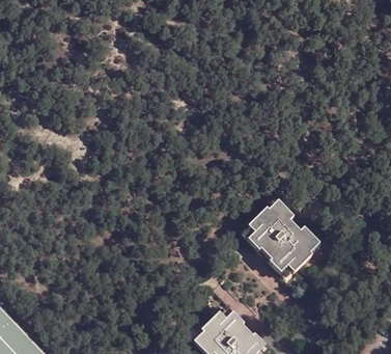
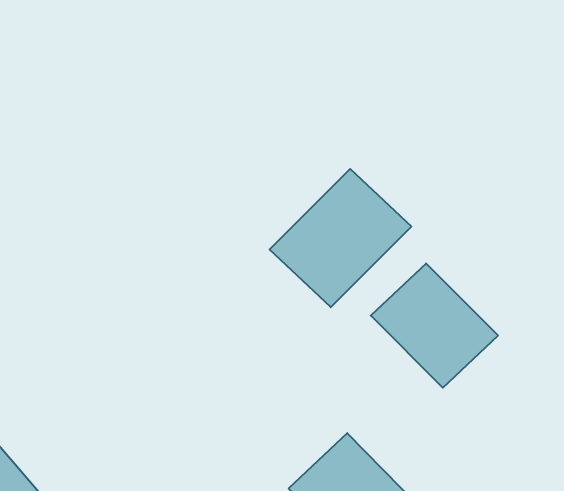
building: none -> [270,169,411,307]

